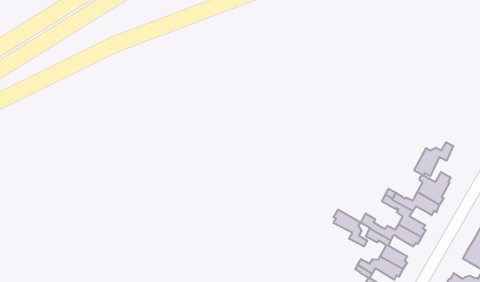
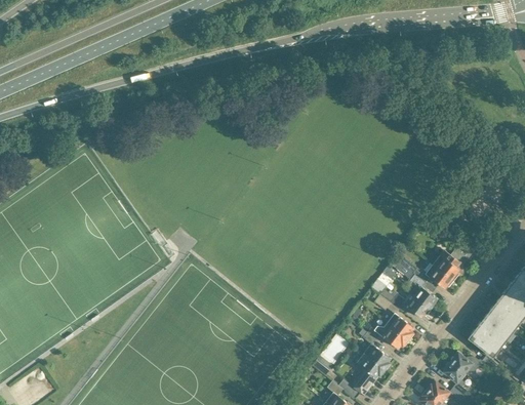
building: [414,142,453,176] -> none
building: [333,210,367,246] -> none

